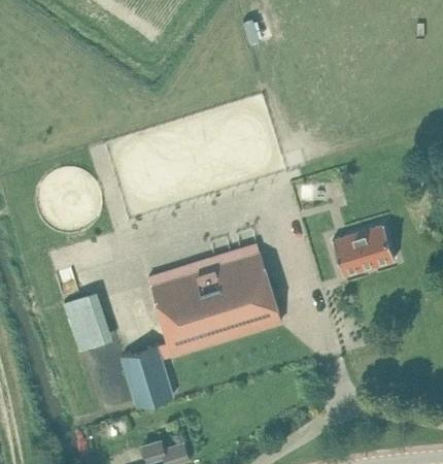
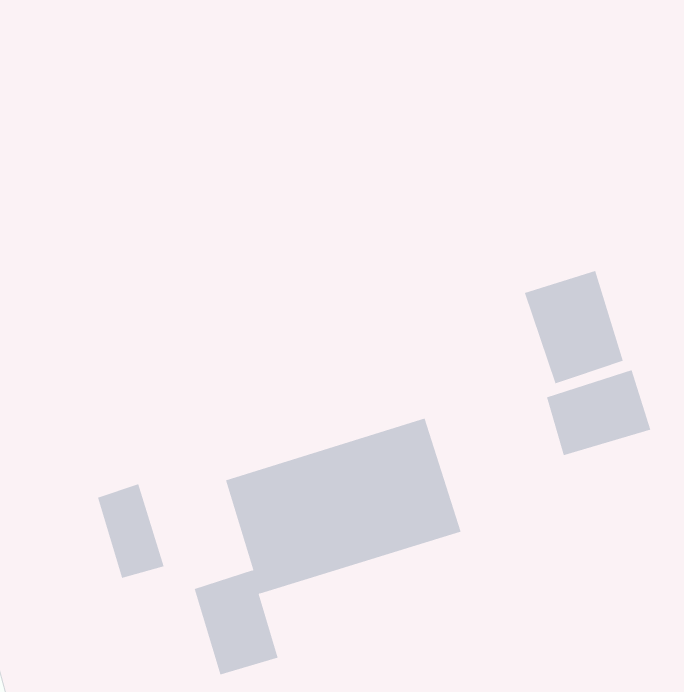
building: none -> [524,270,623,384]

